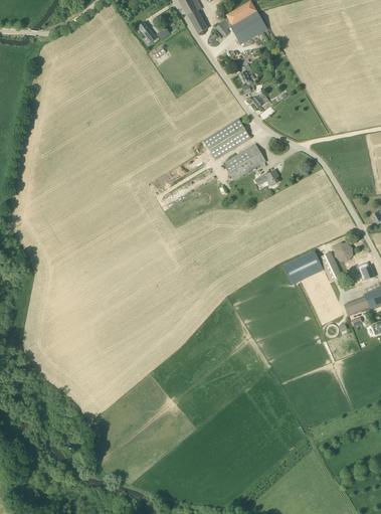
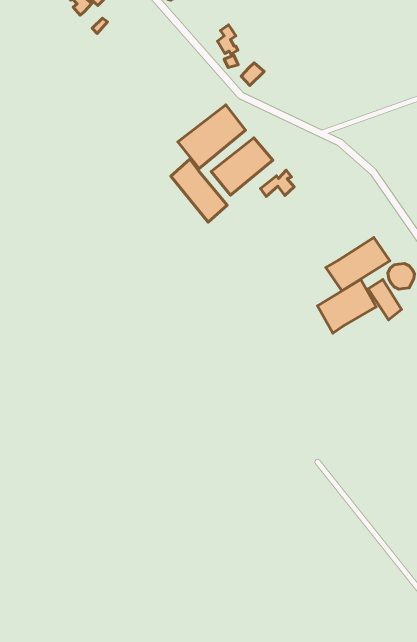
building: none -> [171,159,227,222]
building: none -> [326,237,390,291]

